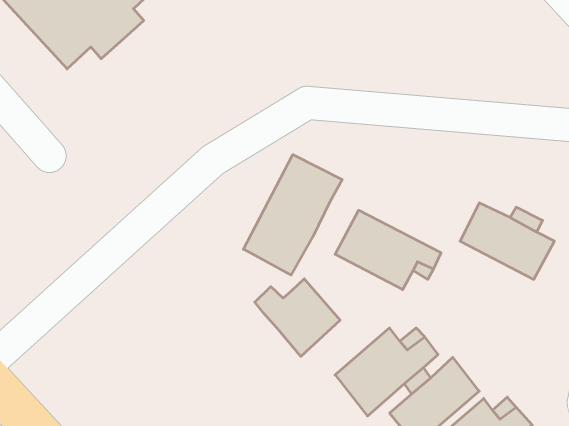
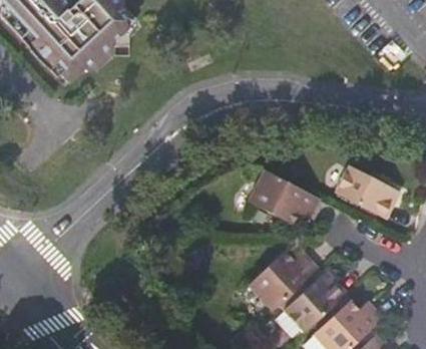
building: [243,155,342,275] -> none
building: [255,279,340,356] -> none

